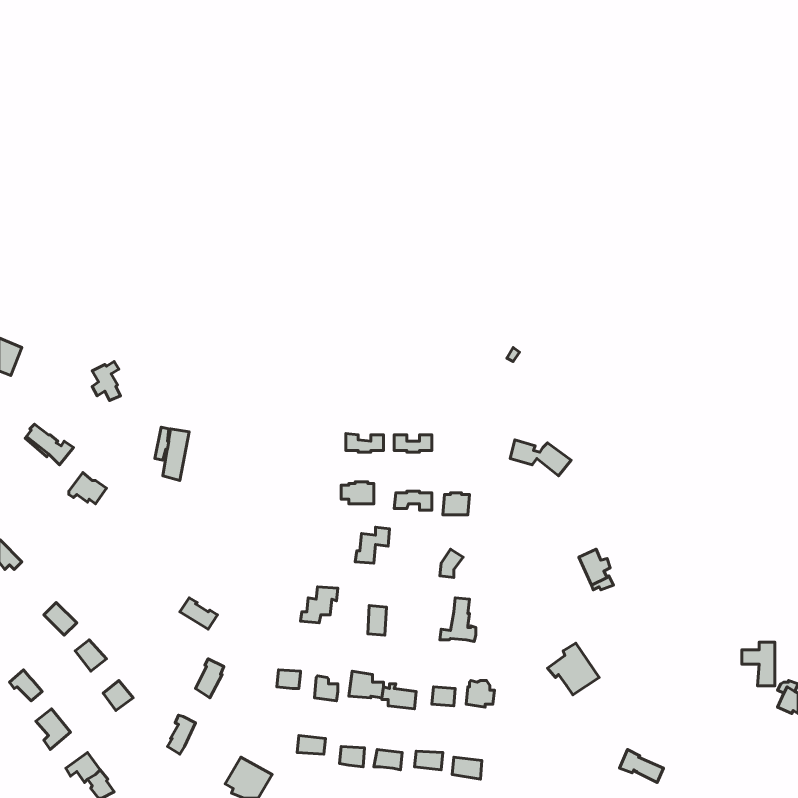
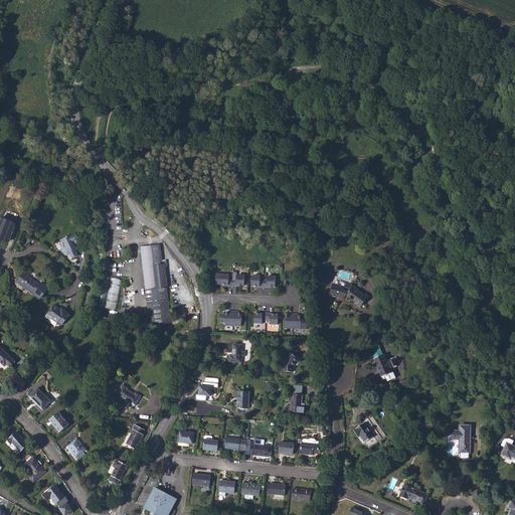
building: none -> [139,243,170,324]
building: [742,642,775,686] -> [448,424,469,453]

